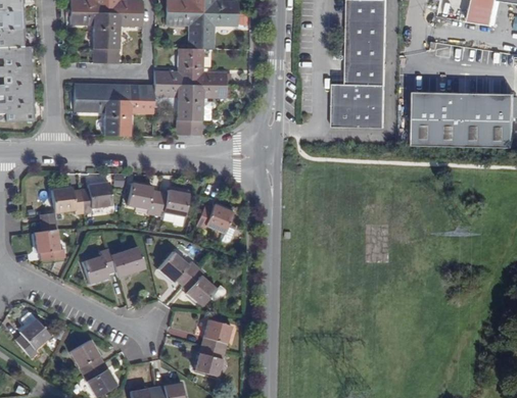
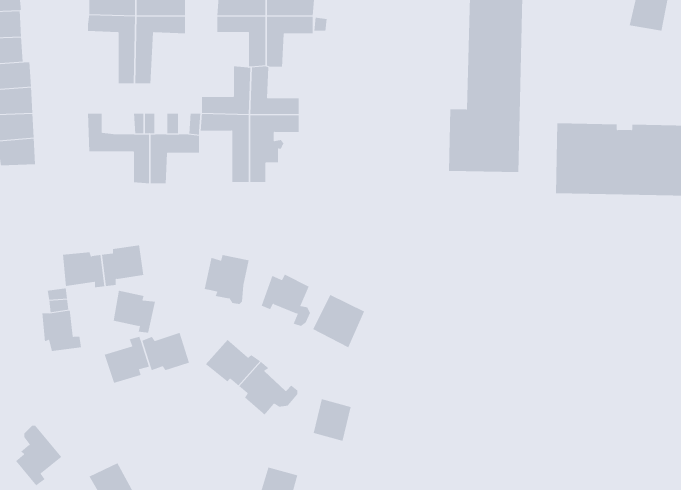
building: [129,182,160,213] -> [113,290,156,333]
building: none -> [313,294,365,348]
building: [202,318,231,350] -> [313,399,352,442]

